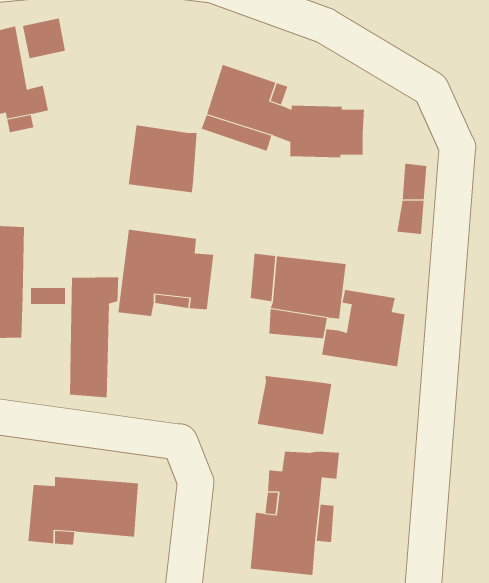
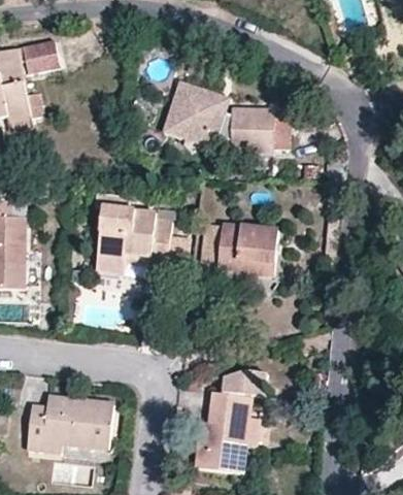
building: [128,125,197,193] -> none
building: [70,277,119,398] -> none
building: [321,289,405,367] -> none
building: [257,375,332,435] -> none

